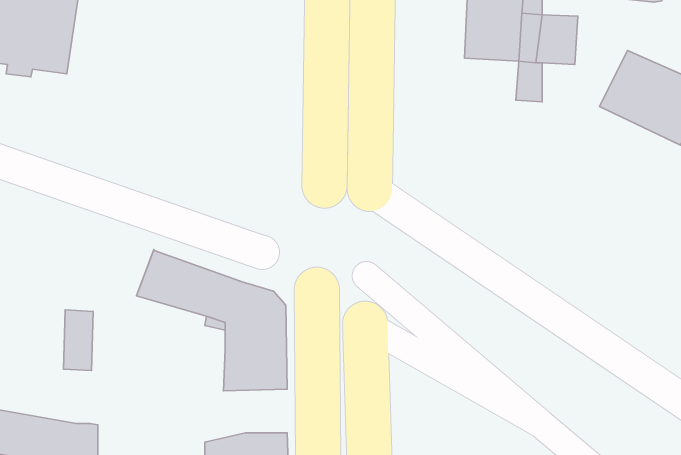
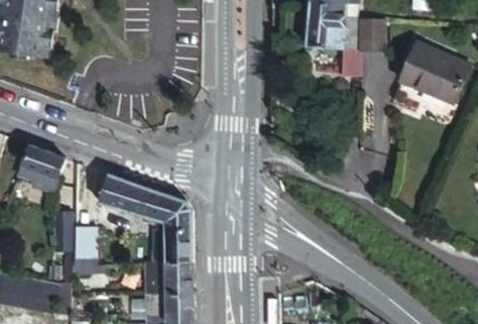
building: none -> [16,143,63,192]
building: none -> [71,226,94,266]
building: none -> [140,262,194,297]

